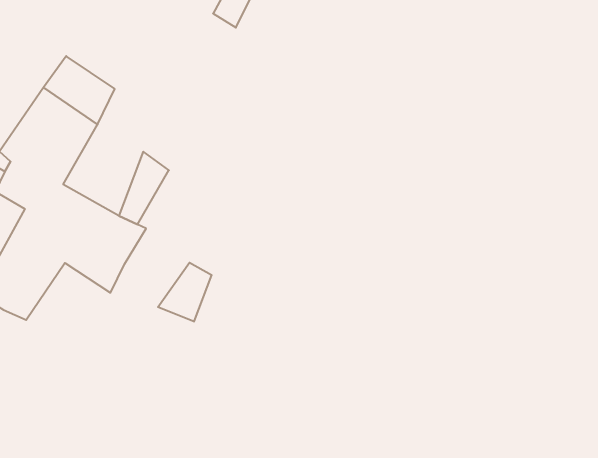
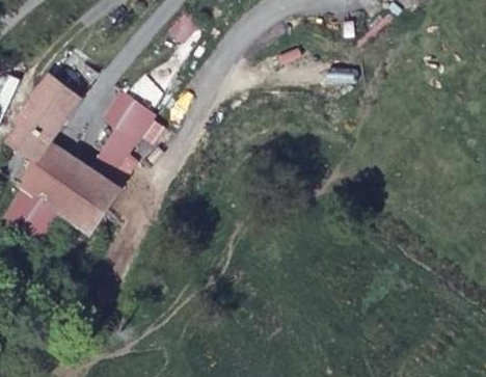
building: none -> [105,82,158,137]
building: [158,263,212,322] -> none

